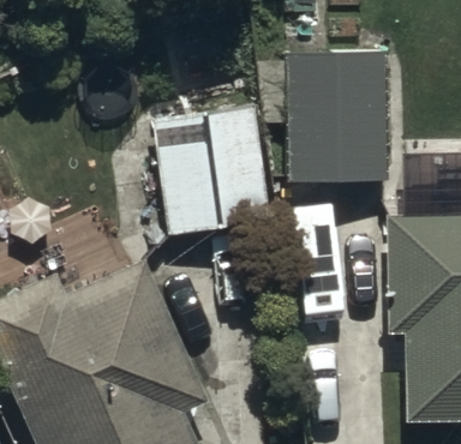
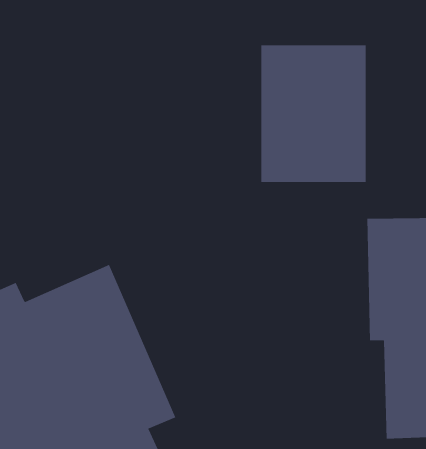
building: [152,94,269,238] -> none

